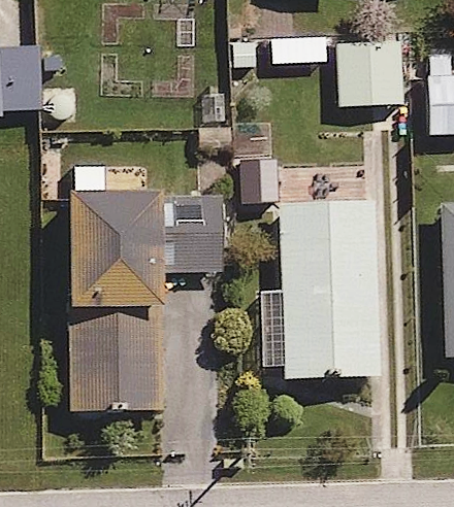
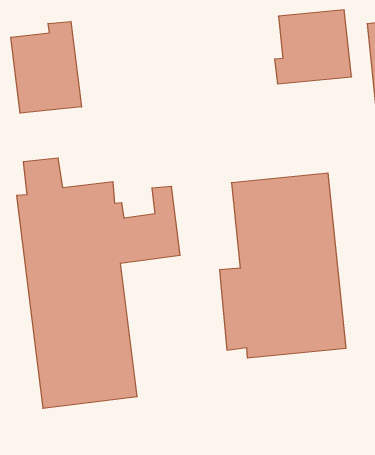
building: none -> [11,21,82,113]

